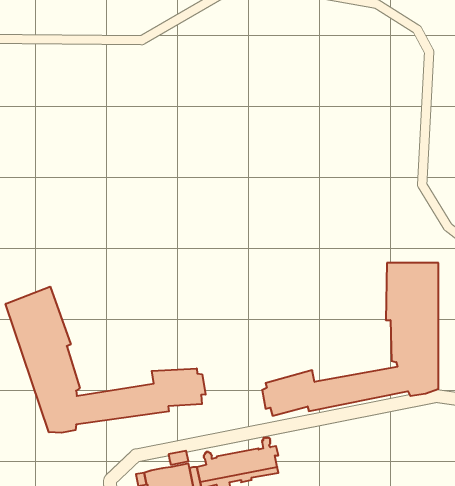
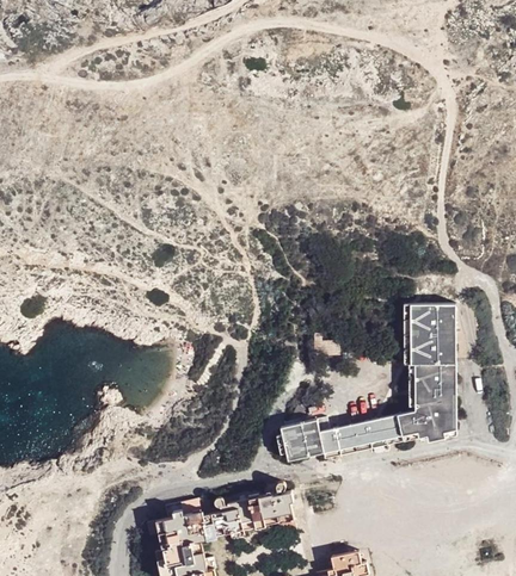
building: [6,287,206,433] -> none

